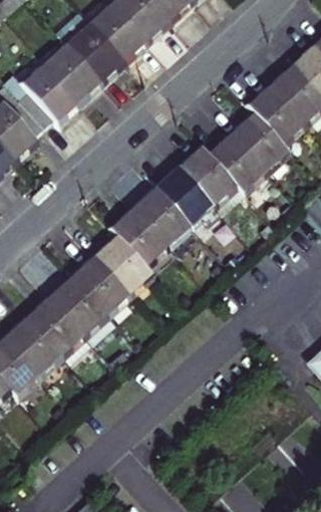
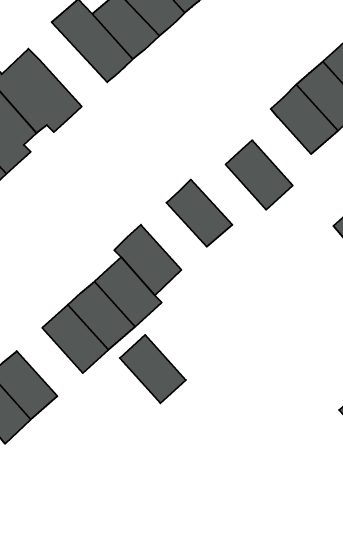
building: [47,43,105,103] -> none
building: [231,112,289,172] -> none
building: [178,147,236,206] -> none
building: [134,187,192,245] -> none
building: [27,295,84,354] -> [120,335,186,403]

